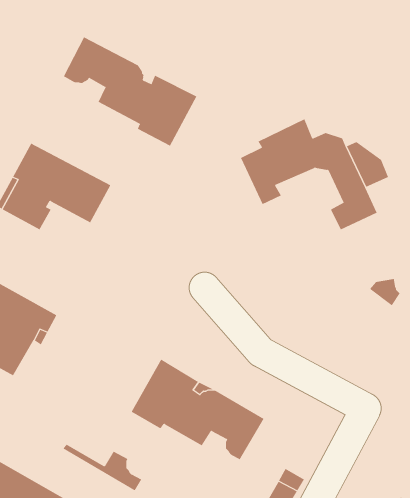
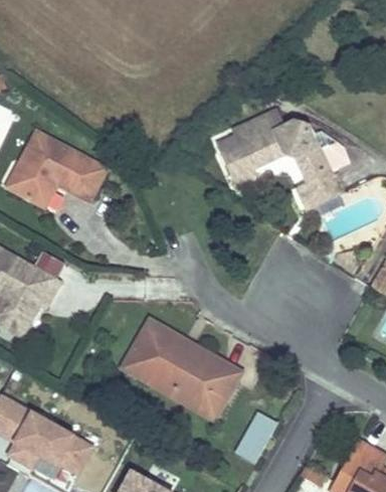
building: [63,37,197,146] -> none
building: [63,444,142,491] -> [150,377,219,419]

